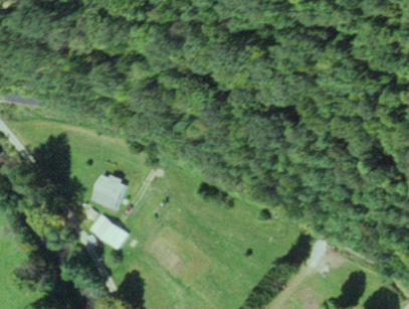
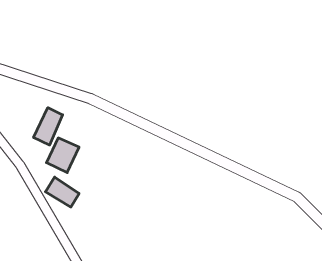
building: none -> [34,108,63,145]

